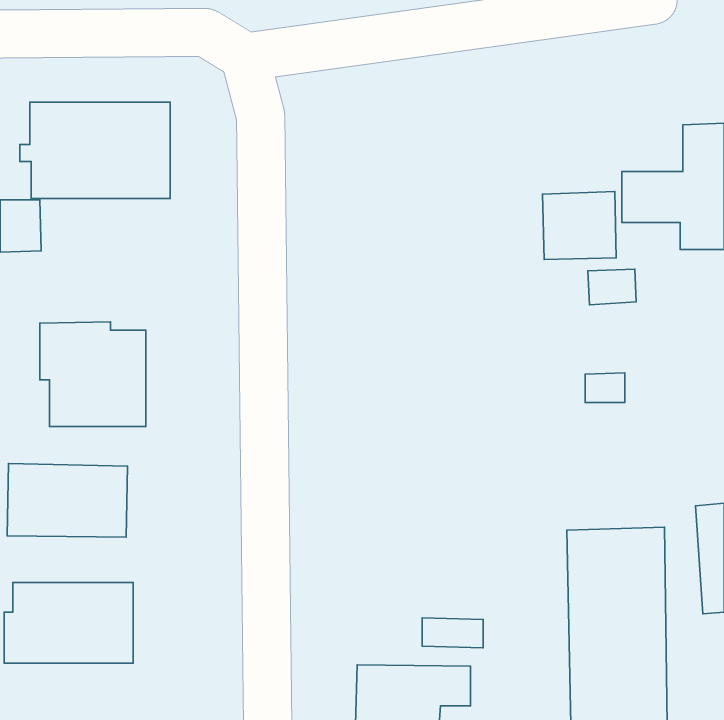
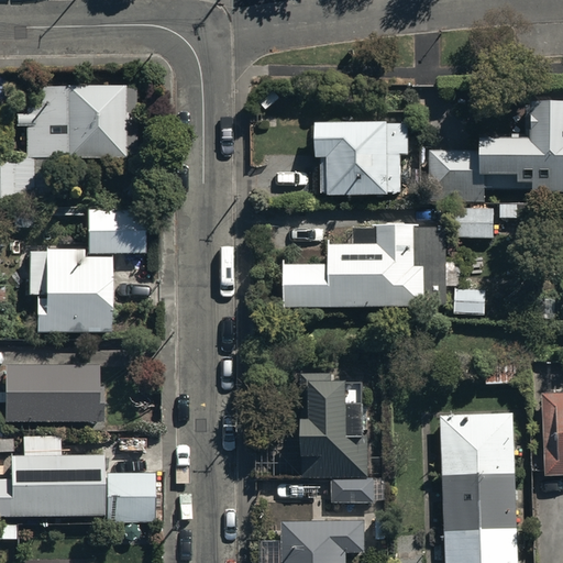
building: none -> [312,118,408,194]
building: none -> [89,211,144,252]
building: none -> [279,222,424,309]
building: none -> [297,377,367,475]
building: none -> [107,473,155,523]

